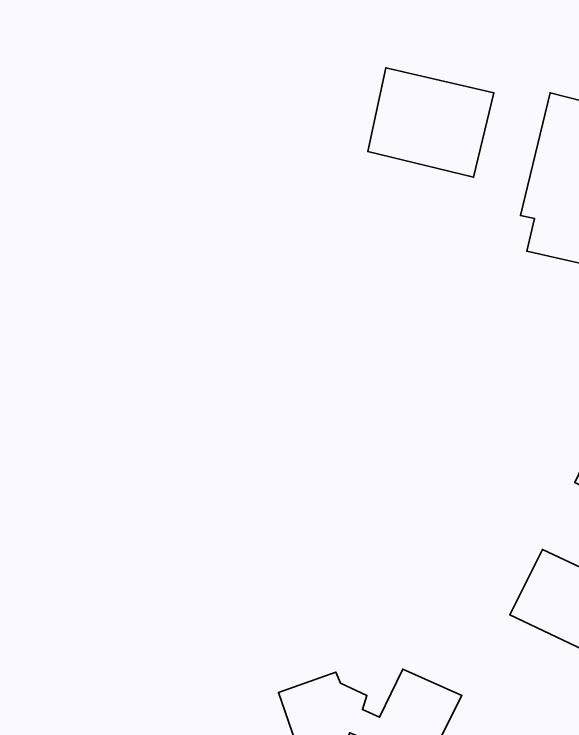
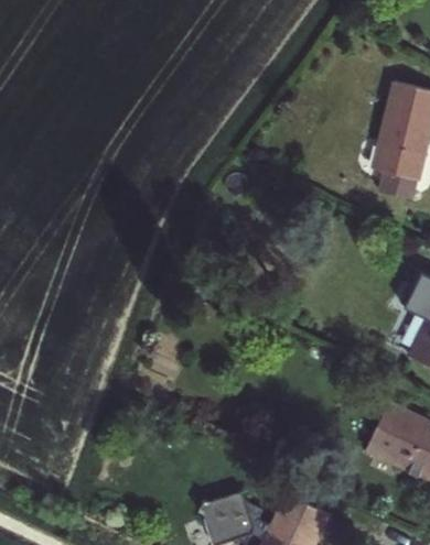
building: [368,68,494,177] -> none

